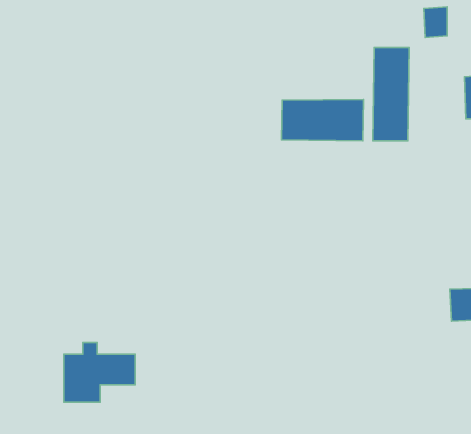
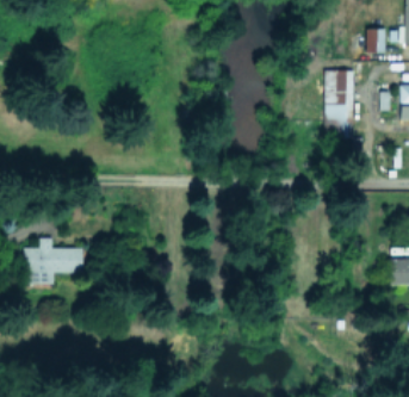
building: [281,99,363,141] -> none
building: [64,343,135,402] -> [24,238,82,287]

